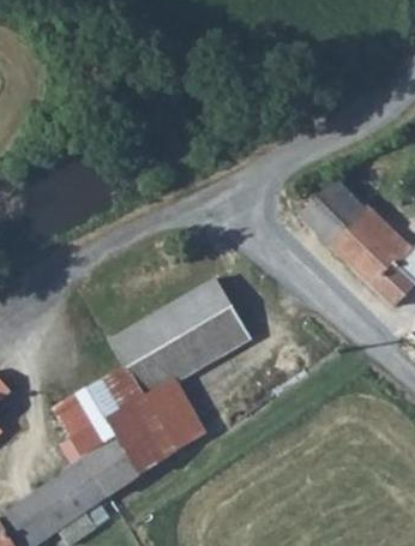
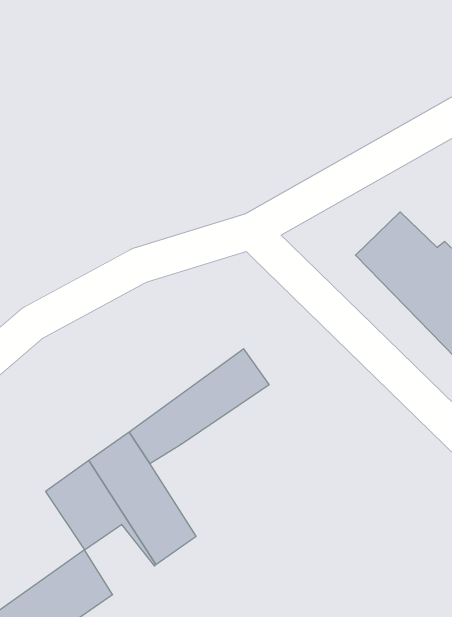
building: [107,272,216,364] -> none
building: [140,373,204,448] -> none
building: [88,438,144,494] -> none

